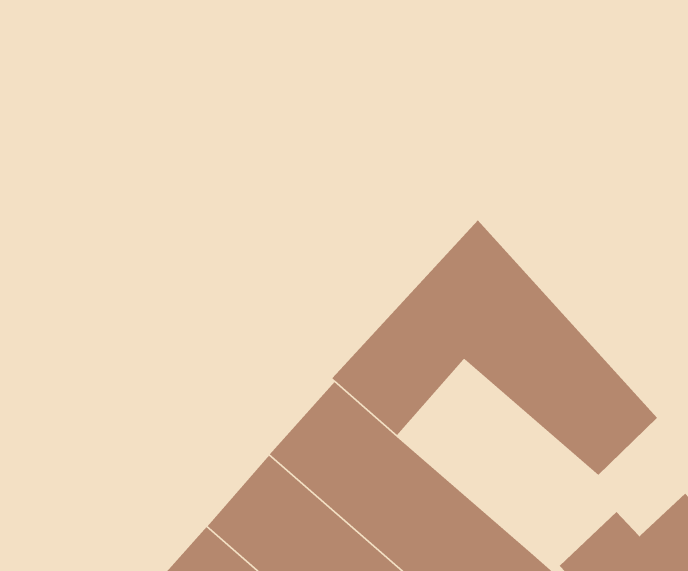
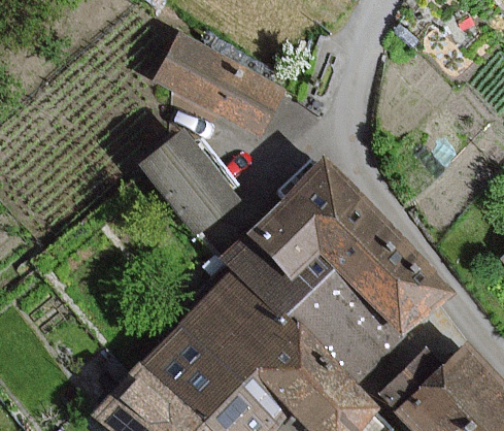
building: none -> [153,33,285,137]
building: none -> [137,129,238,235]
building: none -> [270,255,406,385]

